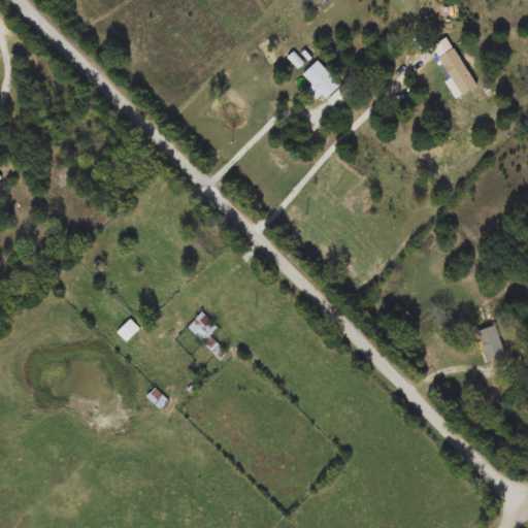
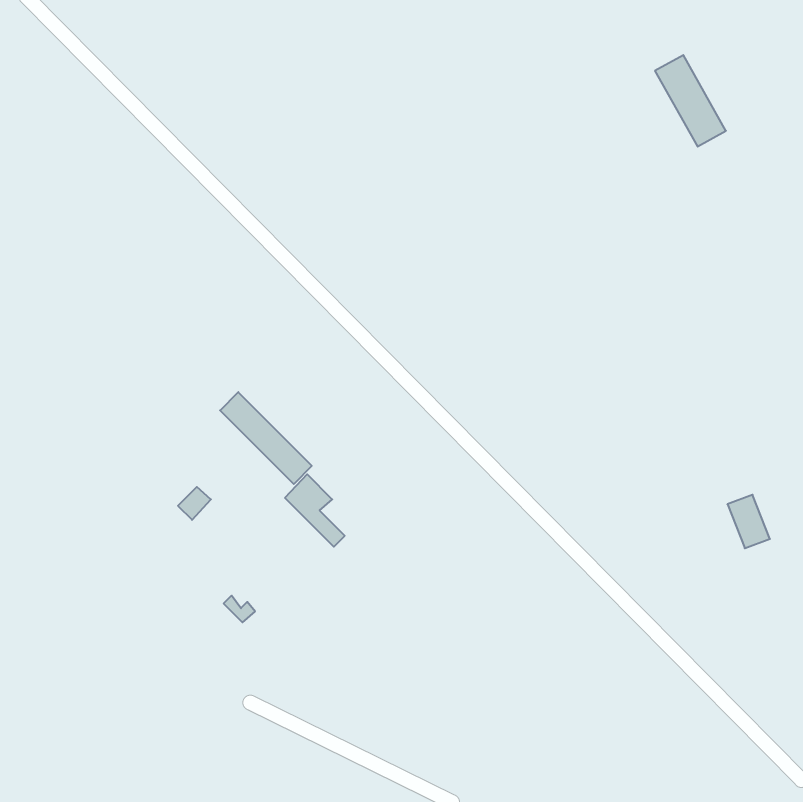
building: [302,60,340,99] -> none
building: none -> [220,392,312,484]

